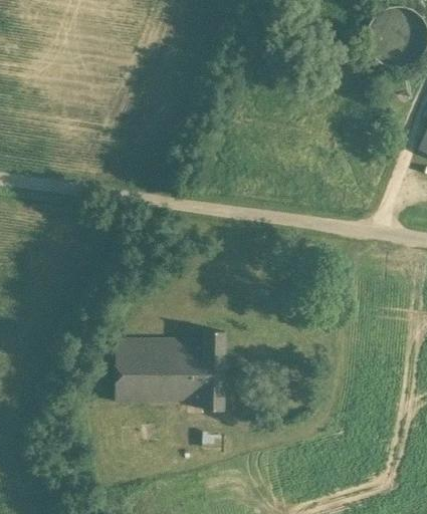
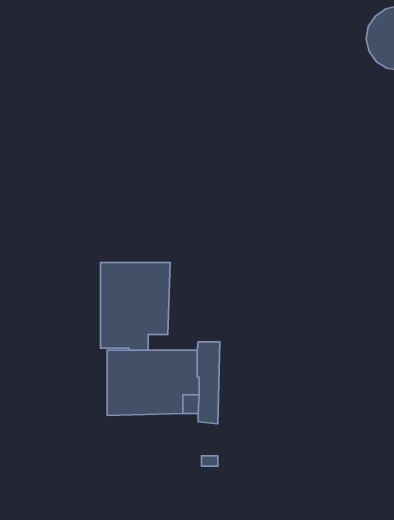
building: none -> [101,262,170,350]

